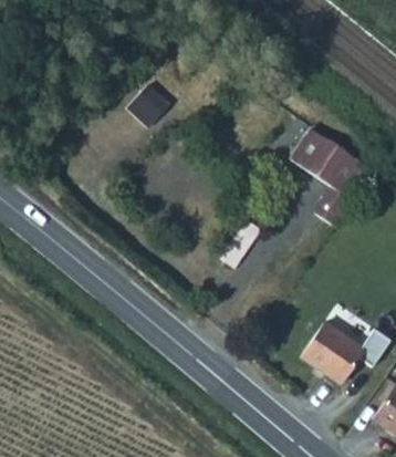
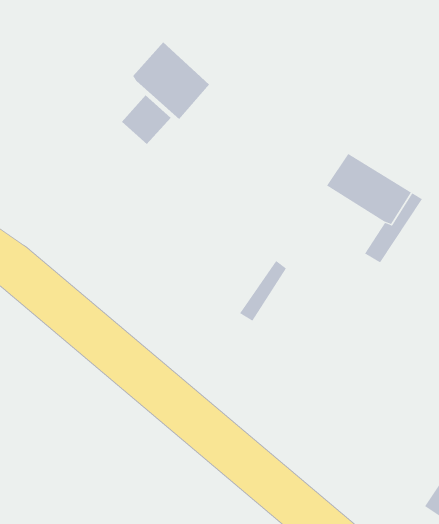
building: none -> [132,42,210,120]
building: [291,314,365,383] -> none

